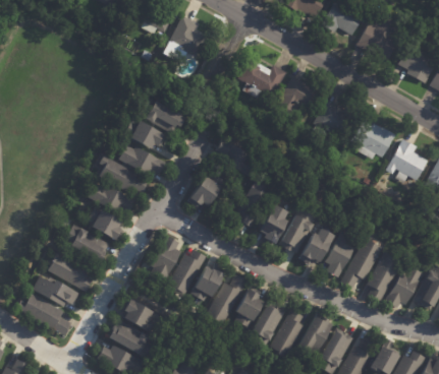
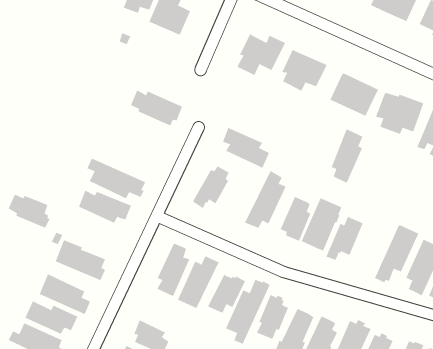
building: [124,120,165,147] -> none
building: [120,144,166,176] -> none
building: [86,207,122,240] -> [8,194,51,229]
building: [325,230,355,277] -> [331,129,363,183]

